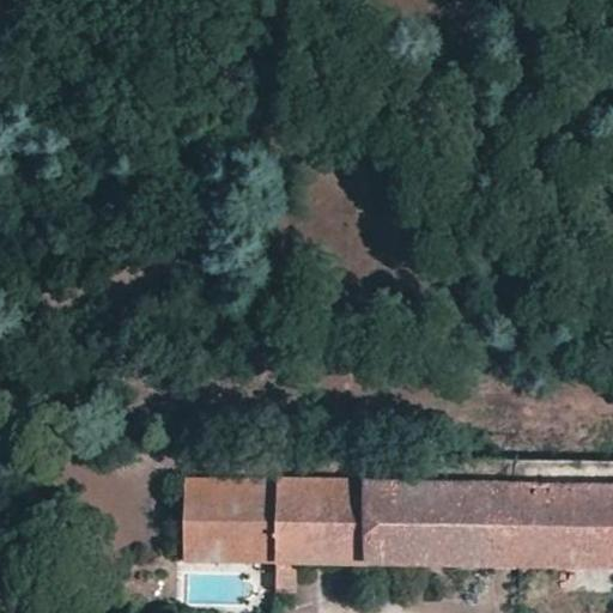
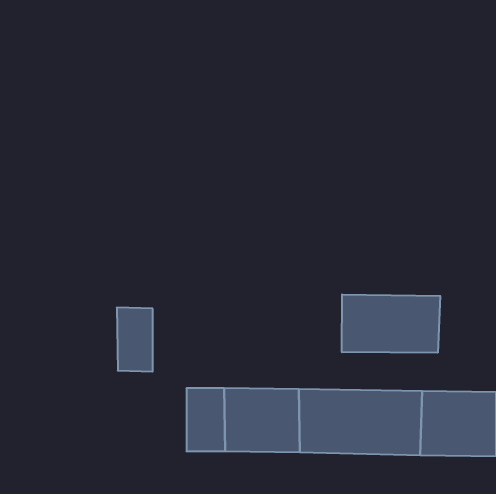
building: none -> [342,294,440,353]
building: [186,480,230,559] -> [117,308,153,372]

